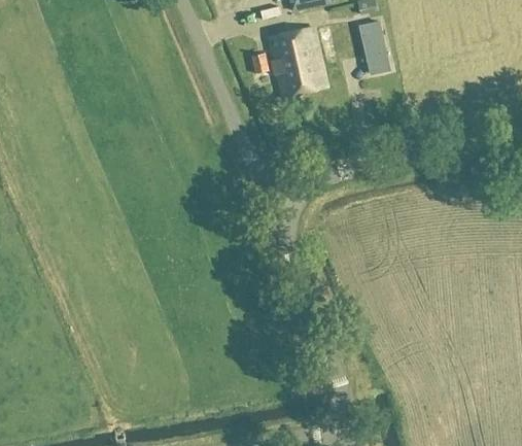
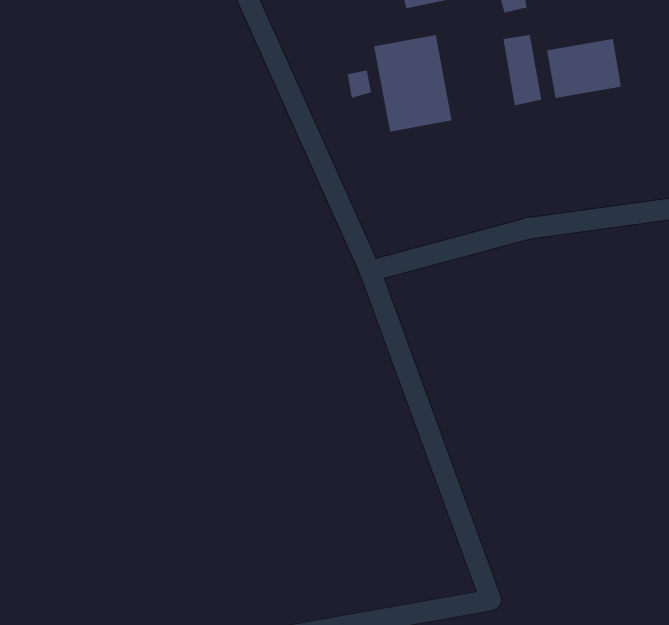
building: none -> [546,38,622,99]

